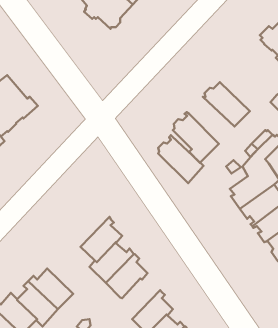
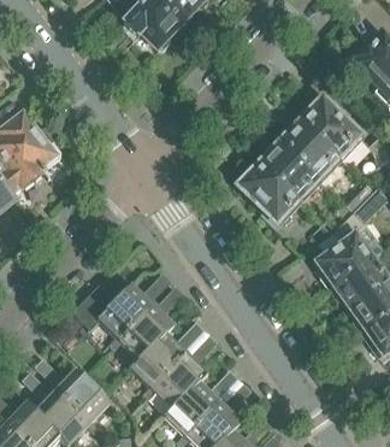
building: none -> [302,95,361,158]
building: [158,135,203,183] -> [261,137,321,201]
building: none -> [71,283,155,339]
building: none -> [162,381,223,435]

